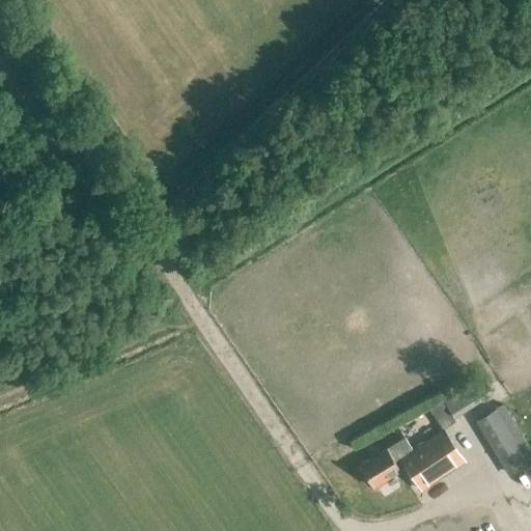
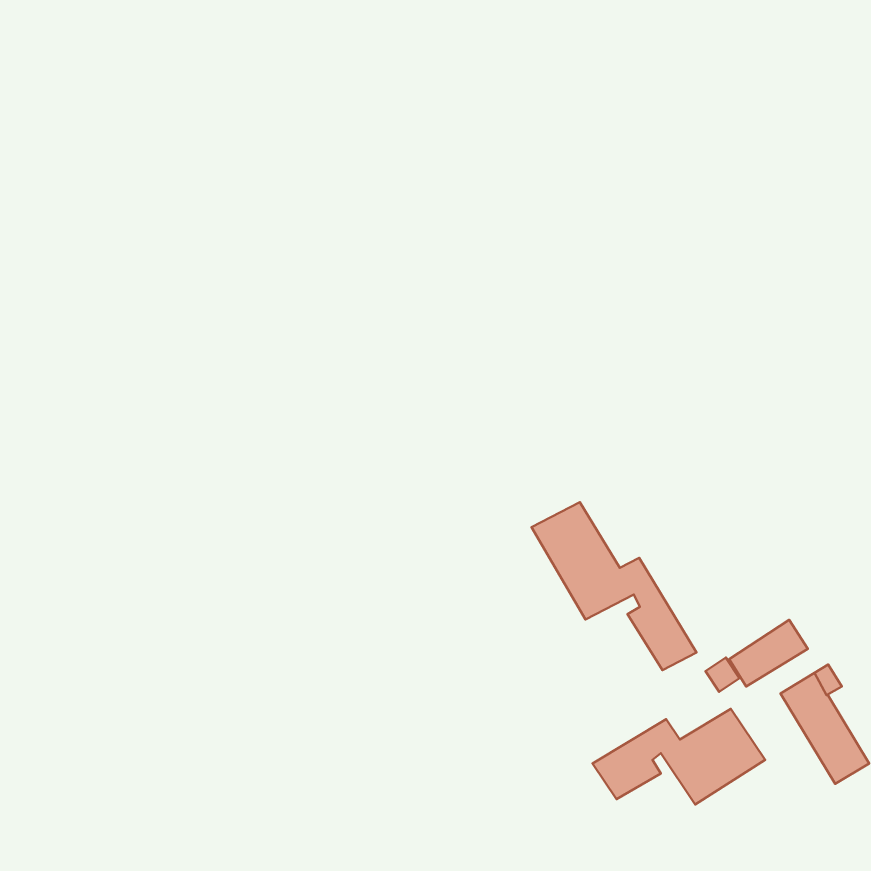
building: none -> [531,502,696,670]

